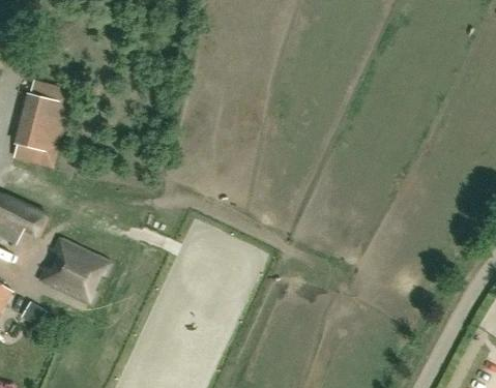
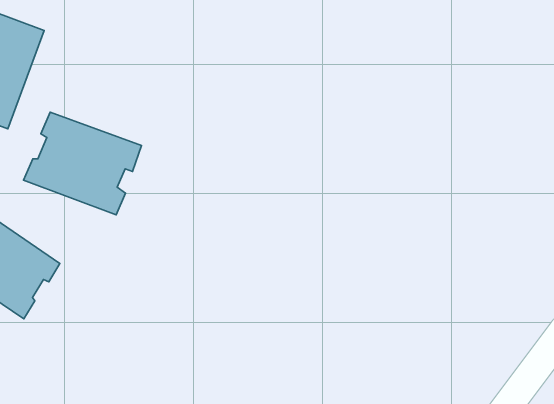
building: none -> [24,112,142,215]

